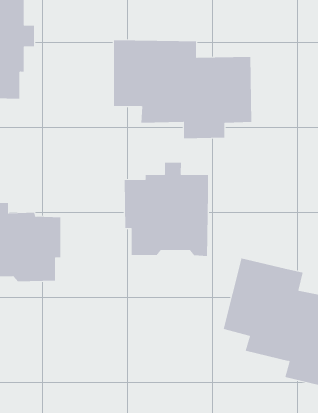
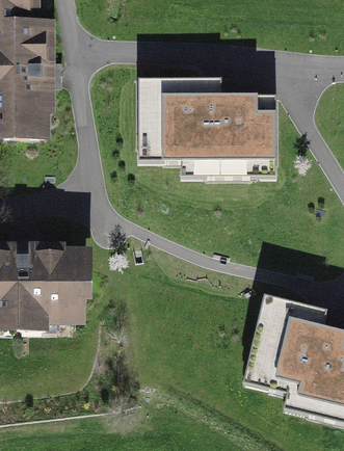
building: [124,162,209,257] -> none

